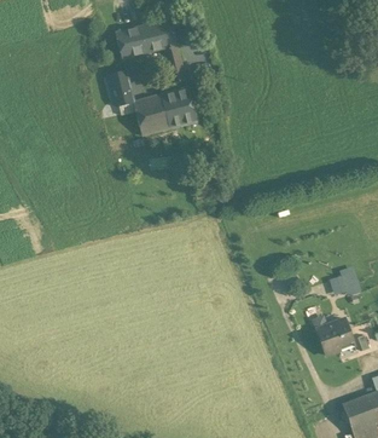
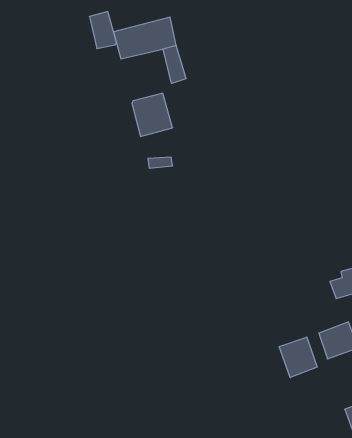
building: [109,70,135,106] -> [89,12,116,49]
building: [164,87,198,127] -> none
building: none -> [279,337,317,378]

